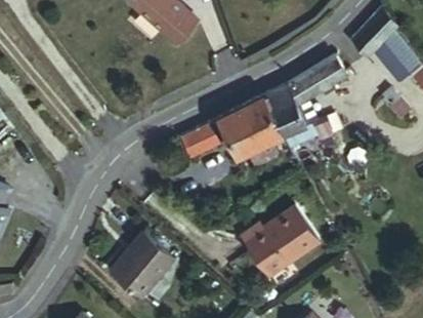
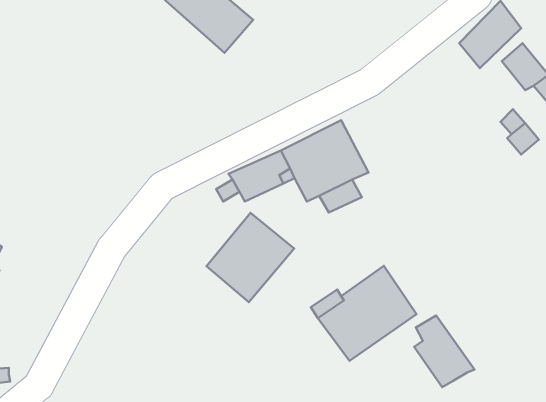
building: [263,55,347,147] -> none
building: [110,232,175,299] -> [206,213,294,302]
building: none -> [414,315,475,387]

